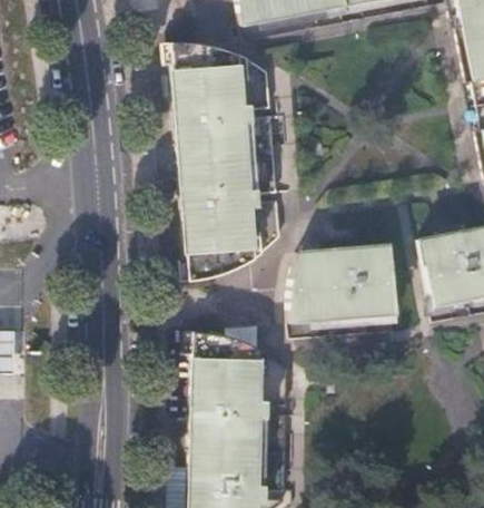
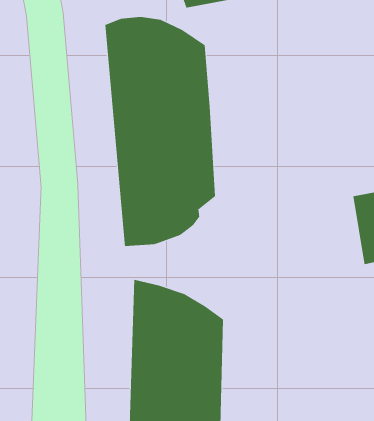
building: [293,245,399,328] -> none

